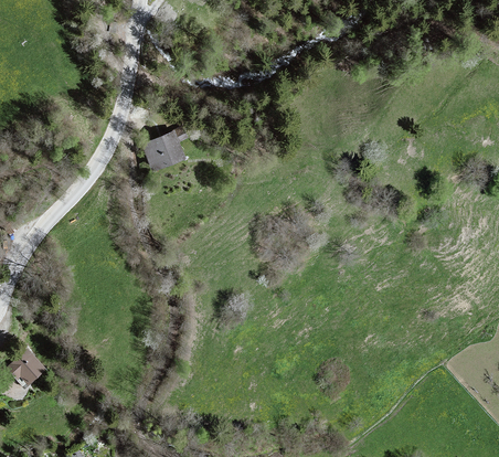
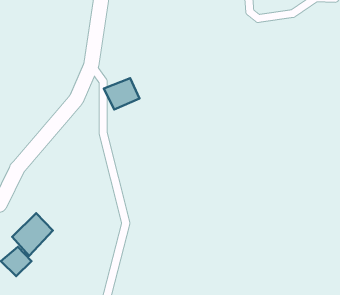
building: none -> [12,213,53,256]

